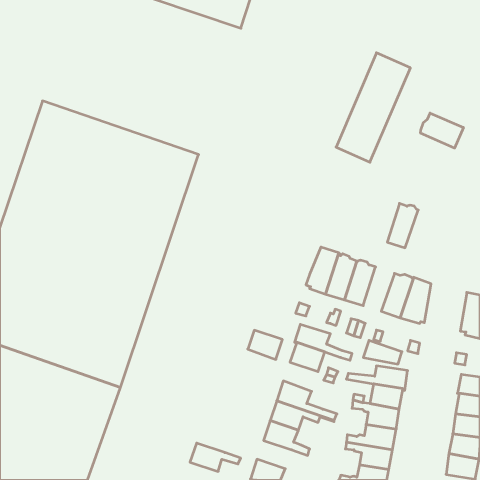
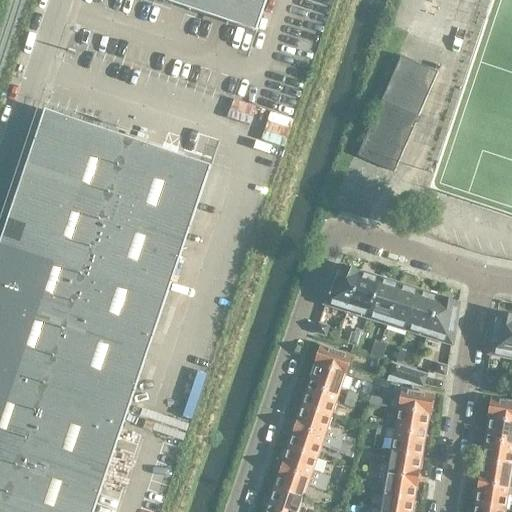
building: [421,113,463,148] -> none
building: [387,203,418,248] -> [386,283,419,330]
building: [248,330,282,359] -> [301,384,338,415]
building: [190,443,241,471] -> [273,467,327,497]

